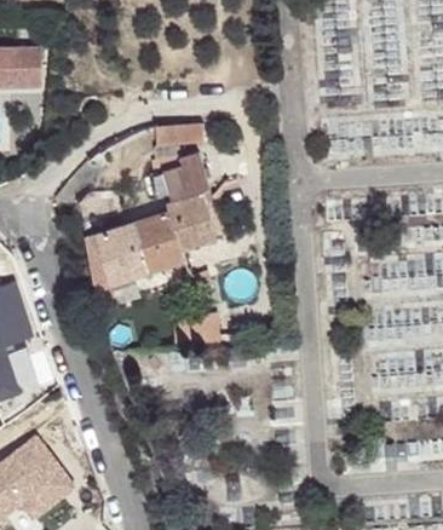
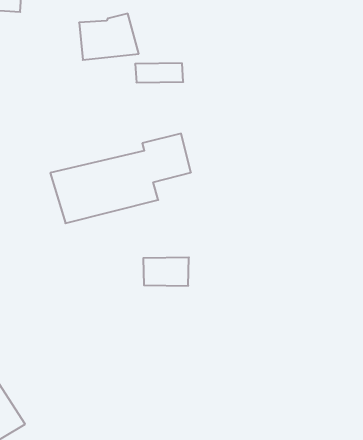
building: [151,150,212,198] -> [79,14,139,60]

